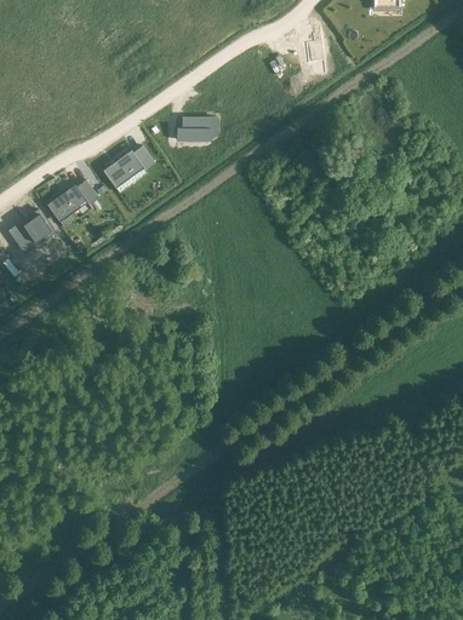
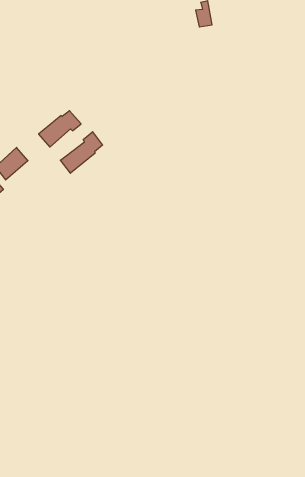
building: [176,119,216,140] -> none
building: none -> [60,132,103,173]

